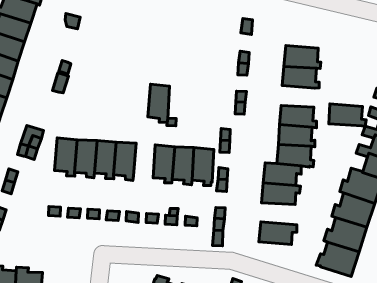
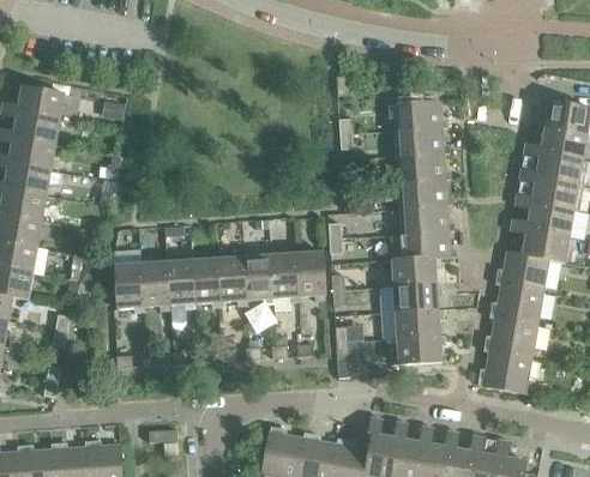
building: [148,84,169,122] -> [218,256,247,306]
building: [329,104,366,126] -> [399,153,450,182]
building: none -> [393,309,442,338]

